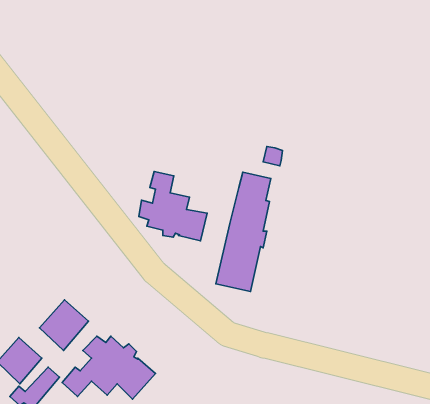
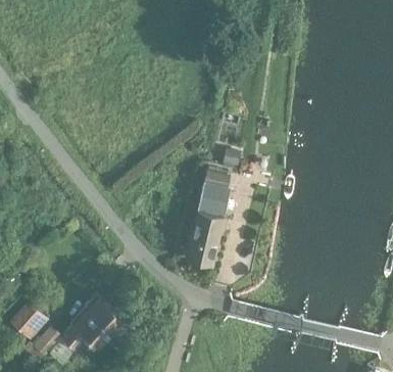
building: [139,172,207,241] -> none
building: [40,300,89,350] -> none

